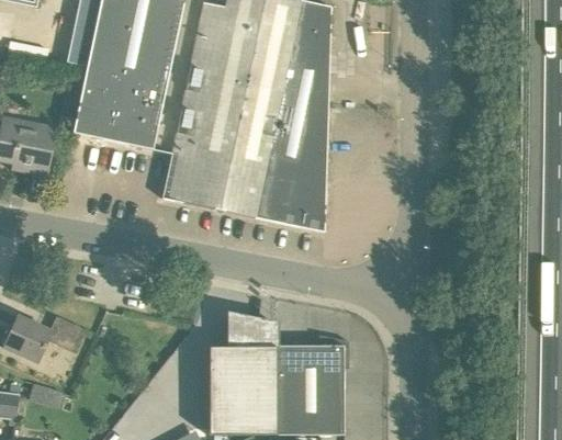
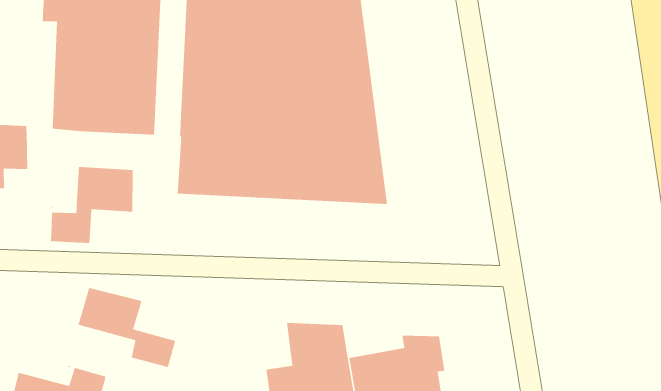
building: none -> [51,166,133,244]
building: none -> [78,287,176,368]

